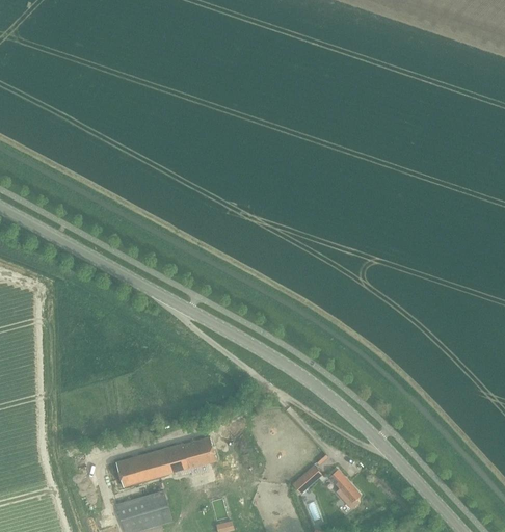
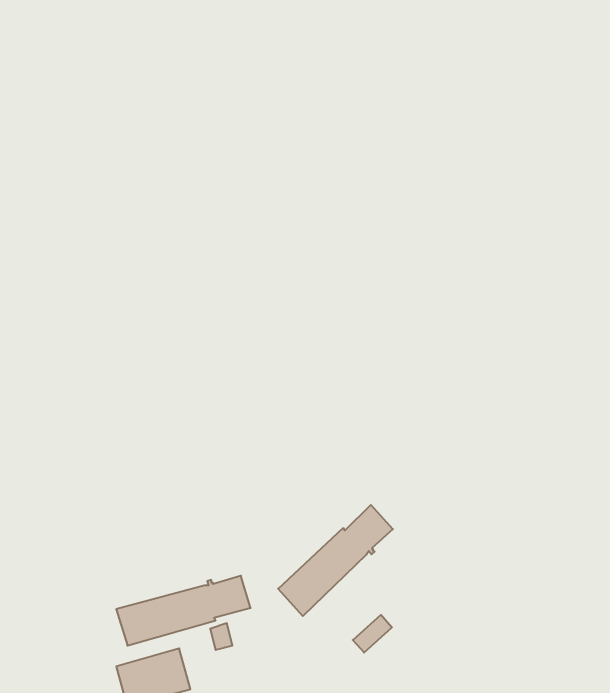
building: none -> [278,505,393,616]
building: [328,468,360,508] -> none

